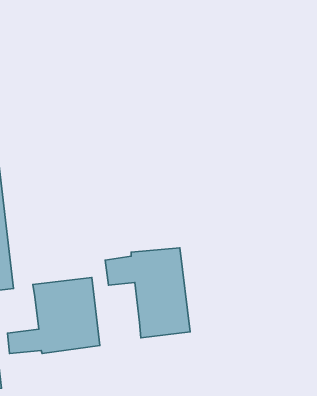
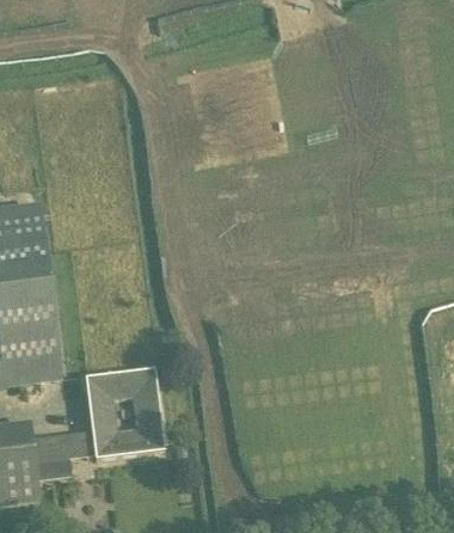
building: [105,248,190,338] -> none

